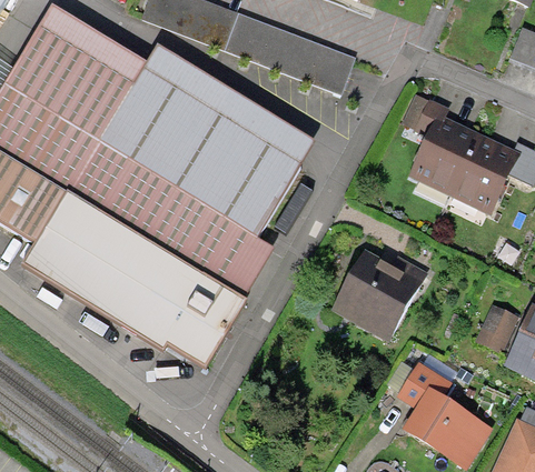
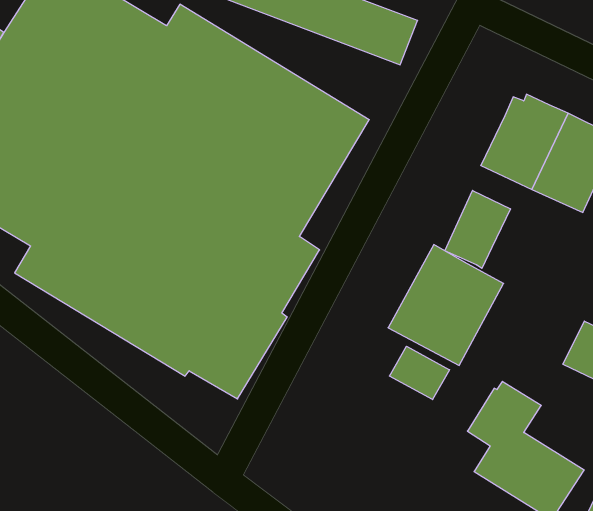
building: [402,94,449,135] -> none
building: none -> [445,190,510,268]
building: none -> [389,346,450,400]

